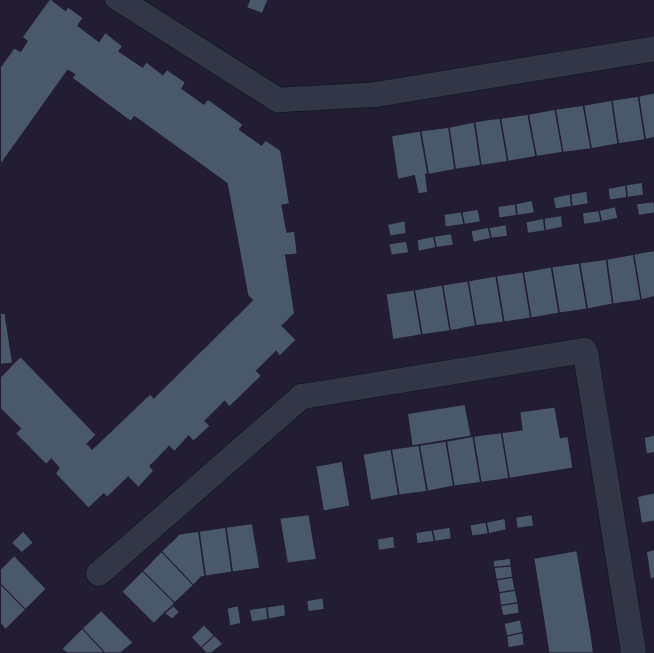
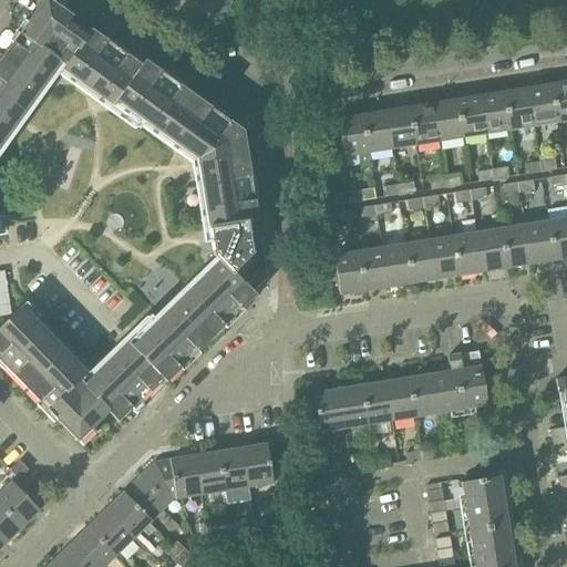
building: [407,404,471,446] -> none
building: [316,461,350,511] -> [219,447,249,491]
building: none -> [89,511,134,555]

